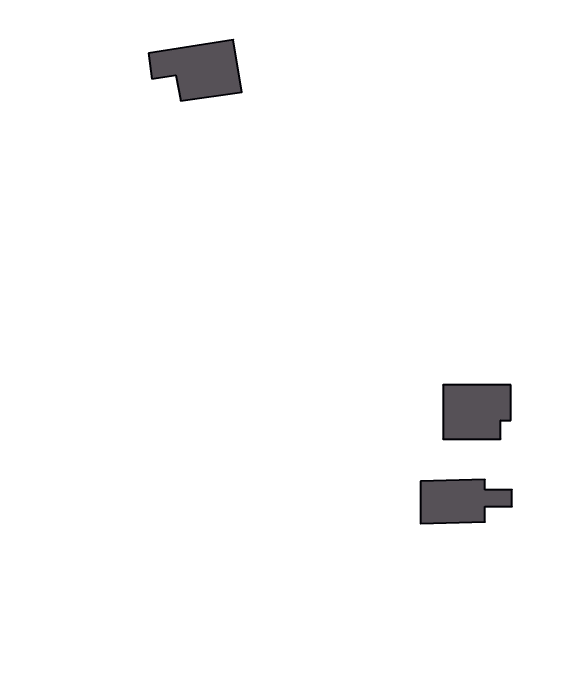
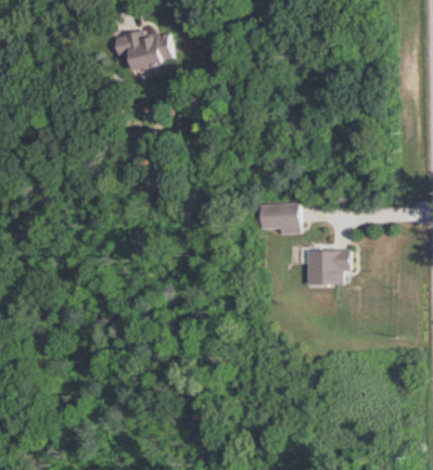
building: [421,480,512,524] -> [255,203,314,231]

